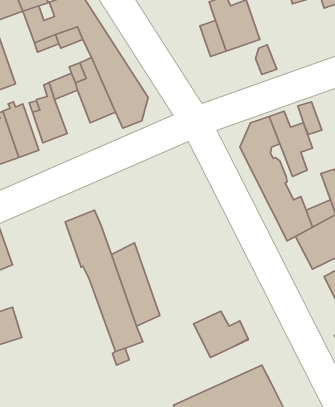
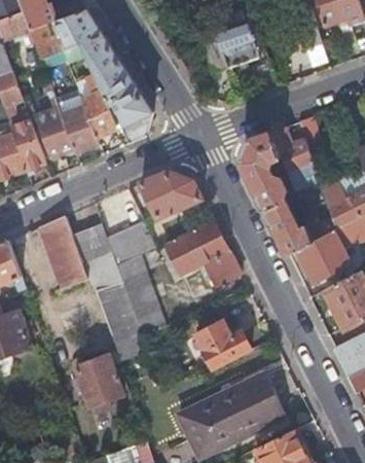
building: none -> [61,106,99,154]
building: none -> [138,171,202,218]
building: none -> [38,215,86,287]
building: none -> [163,219,240,286]
building: none -> [106,221,155,266]
building: none -> [74,356,121,407]

